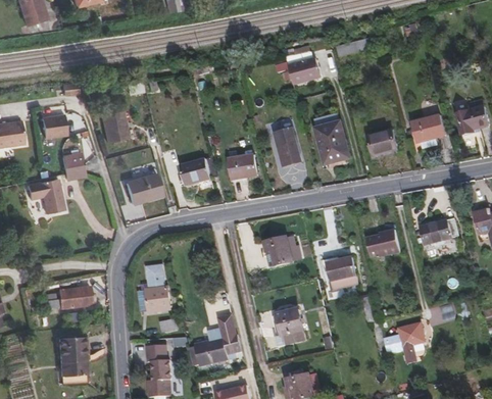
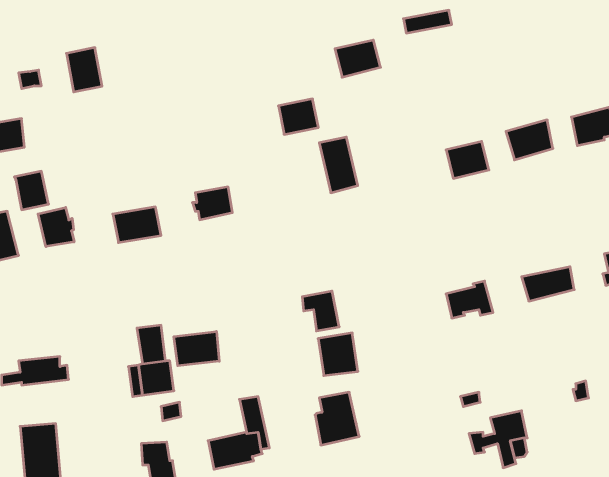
building: [100,109,126,141] -> [66,48,102,92]
building: [314,126,350,166] -> none
building: [230,155,258,181] -> [278,99,318,134]
building: none -> [38,207,74,247]
building: [324,252,352,283] -> [318,333,358,376]
building: none -> [174,331,219,366]

